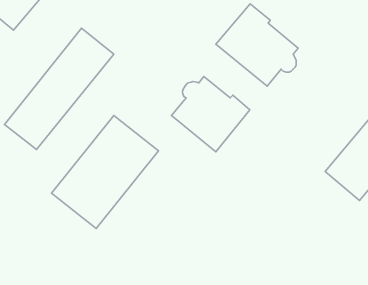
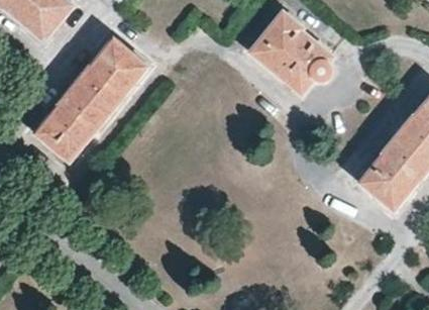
building: [172,76,250,152] -> none
building: [51,115,159,229] -> none

